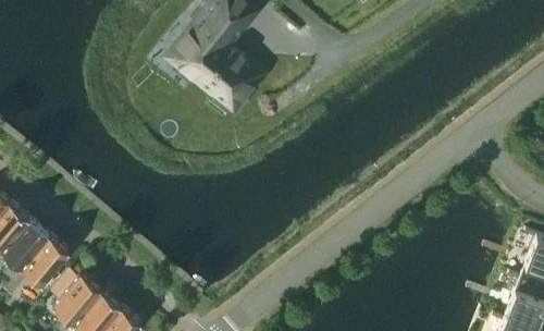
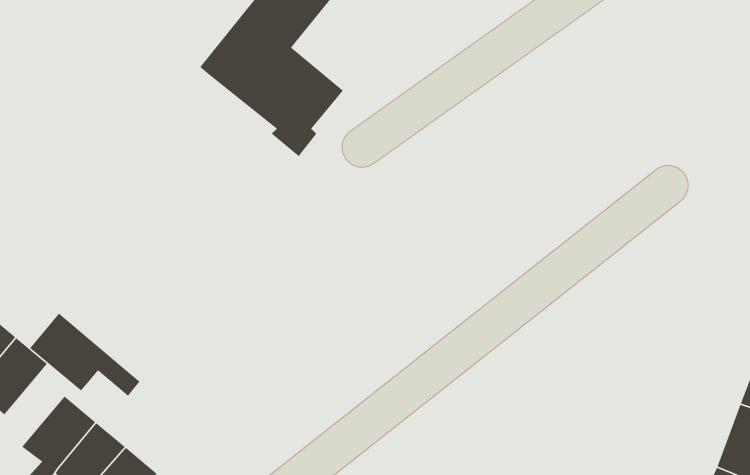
building: none -> [29,313,141,397]

